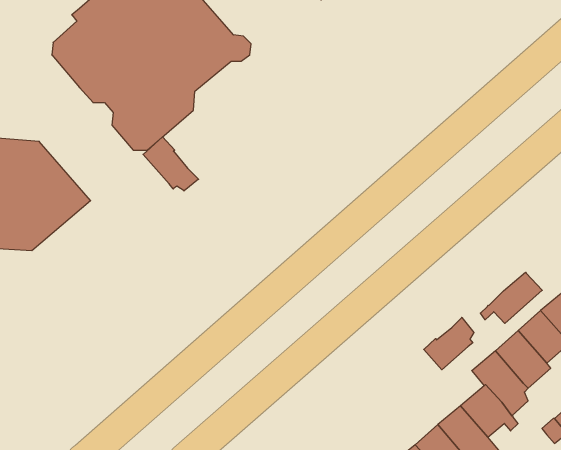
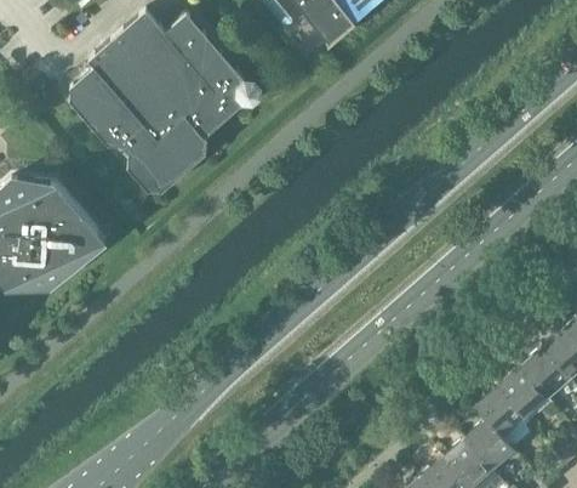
building: [143,137,199,191] -> none
building: [480,272,542,323] -> none
building: [424,317,474,370] -> none

